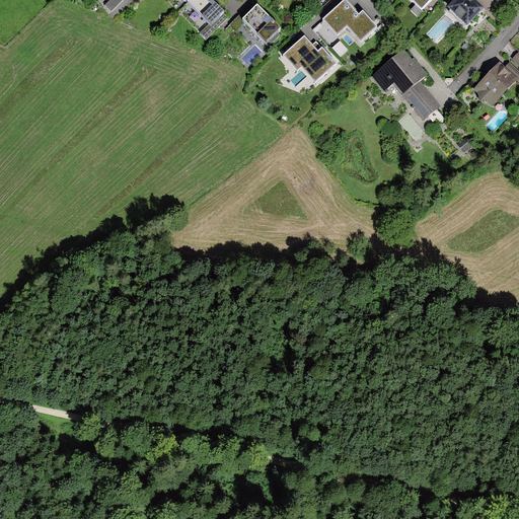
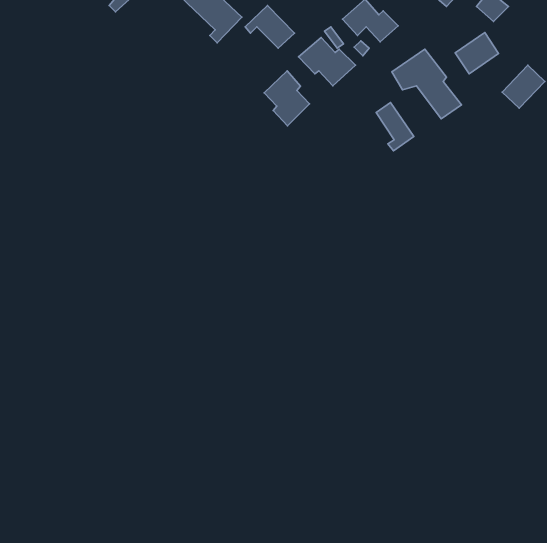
building: none -> [455,33,499,74]
building: none -> [264,71,309,126]
building: none -> [376,102,414,151]

